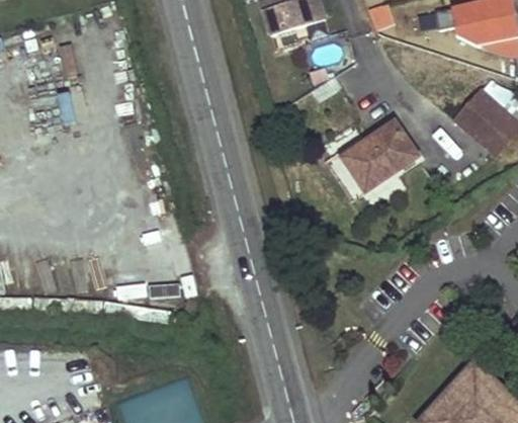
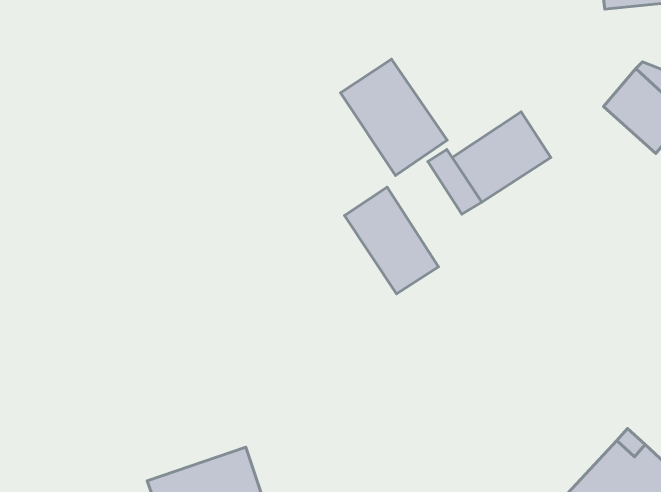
building: none -> [341,59,447,175]
building: none -> [345,187,438,294]

